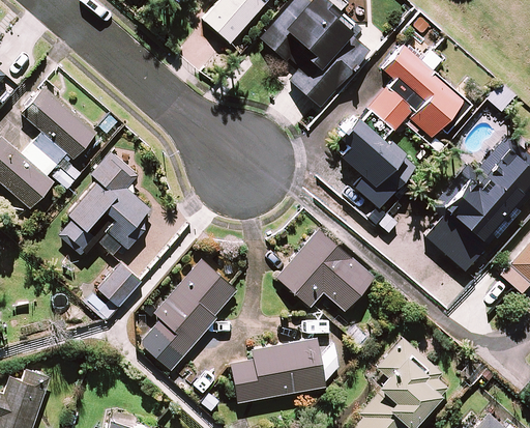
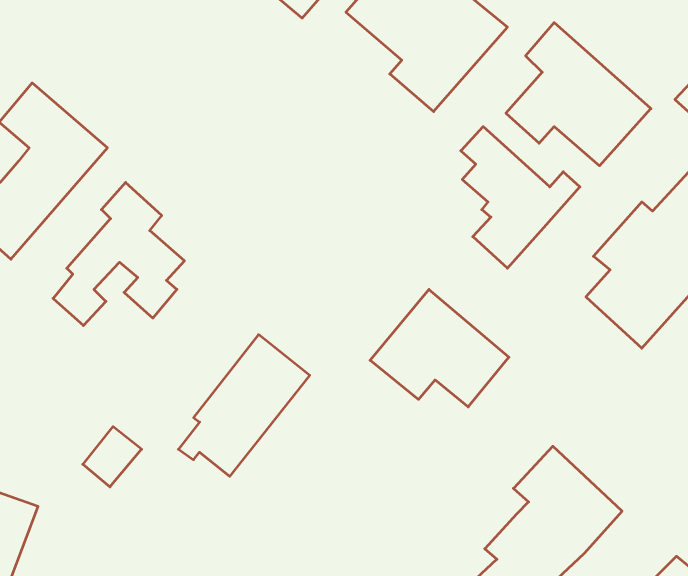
building: [100,264,141,306] -> [83,427,142,487]
building: [230,338,324,401] -> none

